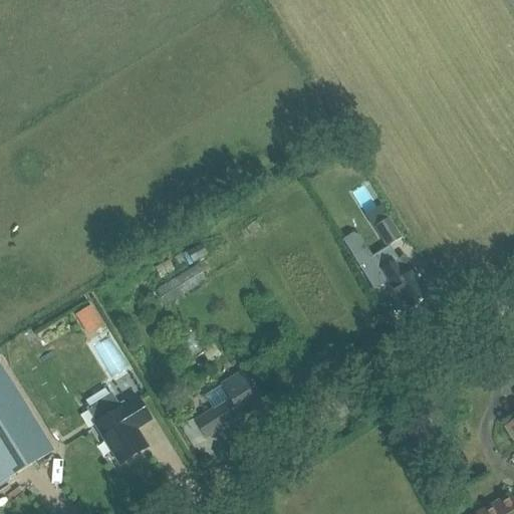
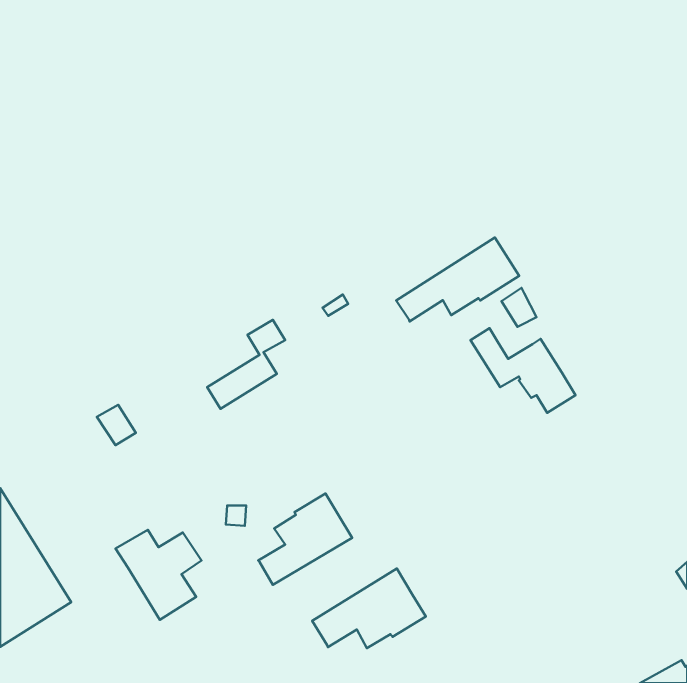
building: none -> [396,238,519,322]
building: none -> [312,568,426,648]

